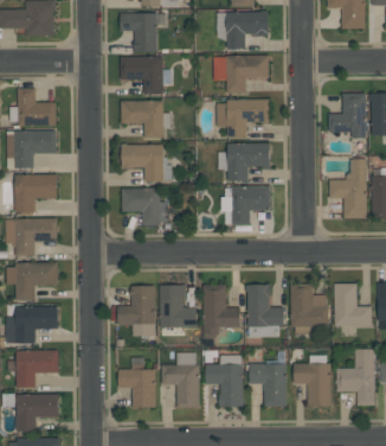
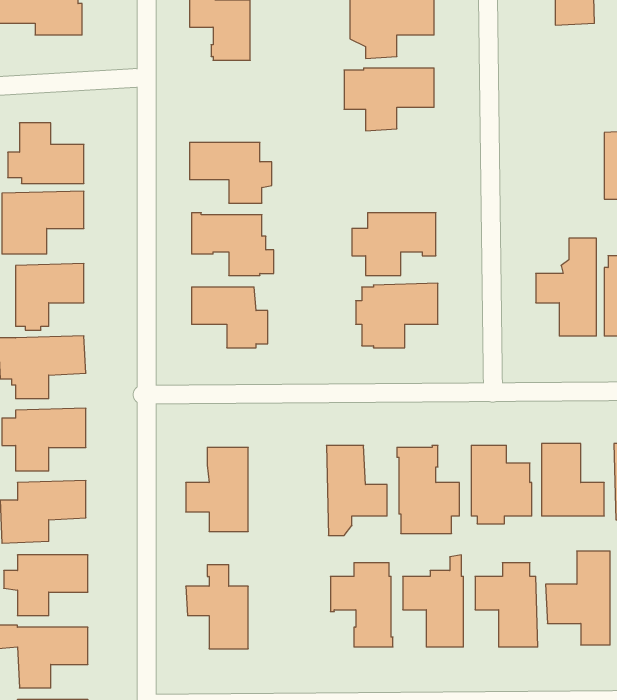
building: [121,56,173,94] -> none
building: [329,94,366,139] -> none
building: [217,100,270,138] -> none
building: [160,286,197,329] -> none
building: [162,352,200,408] -> none

